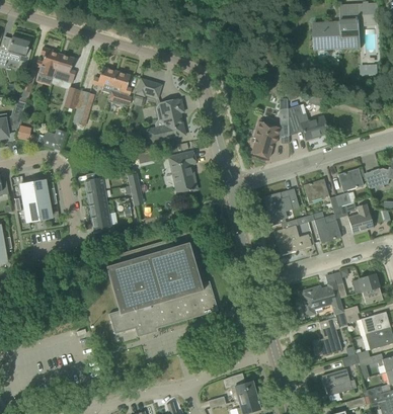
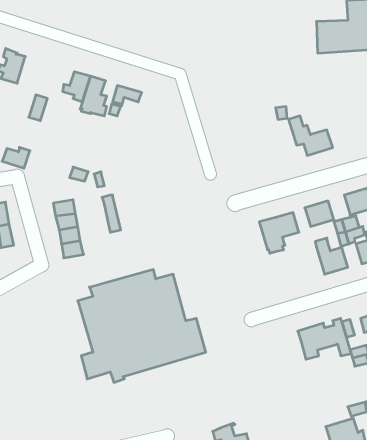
building: [54,54,75,83] -> none
building: [71,90,95,127] -> none
building: [146,99,185,144] -> none
building: [251,119,290,159] -> none
building: [169,152,198,192] -> none
building: [274,216,315,255] -> none
building: [312,317,342,357] -> none

